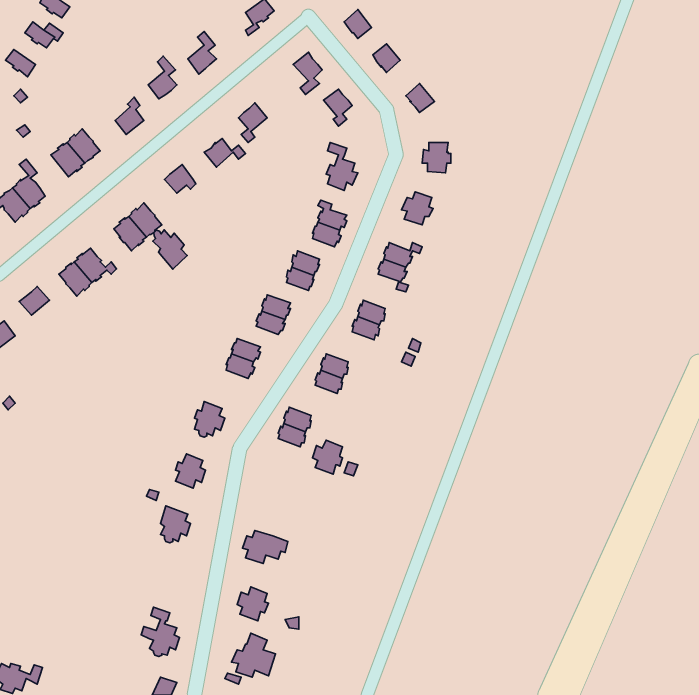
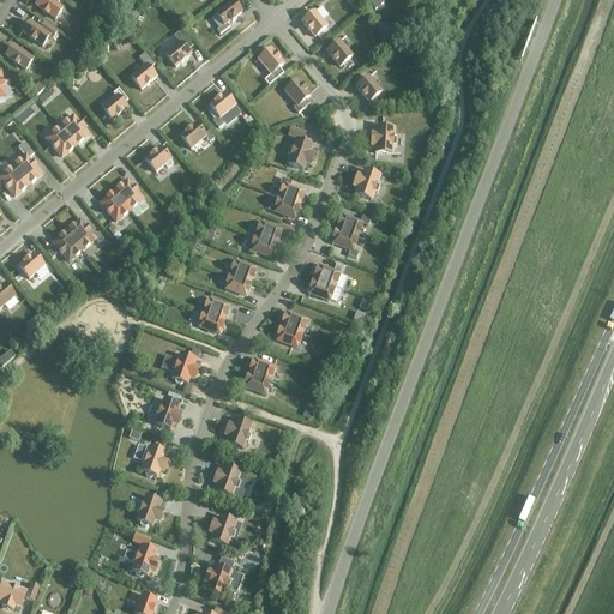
building: [153,230,187,269] -> none
building: [312,440,343,474] -> [223,416,249,446]
building: none -> [134,494,162,525]

